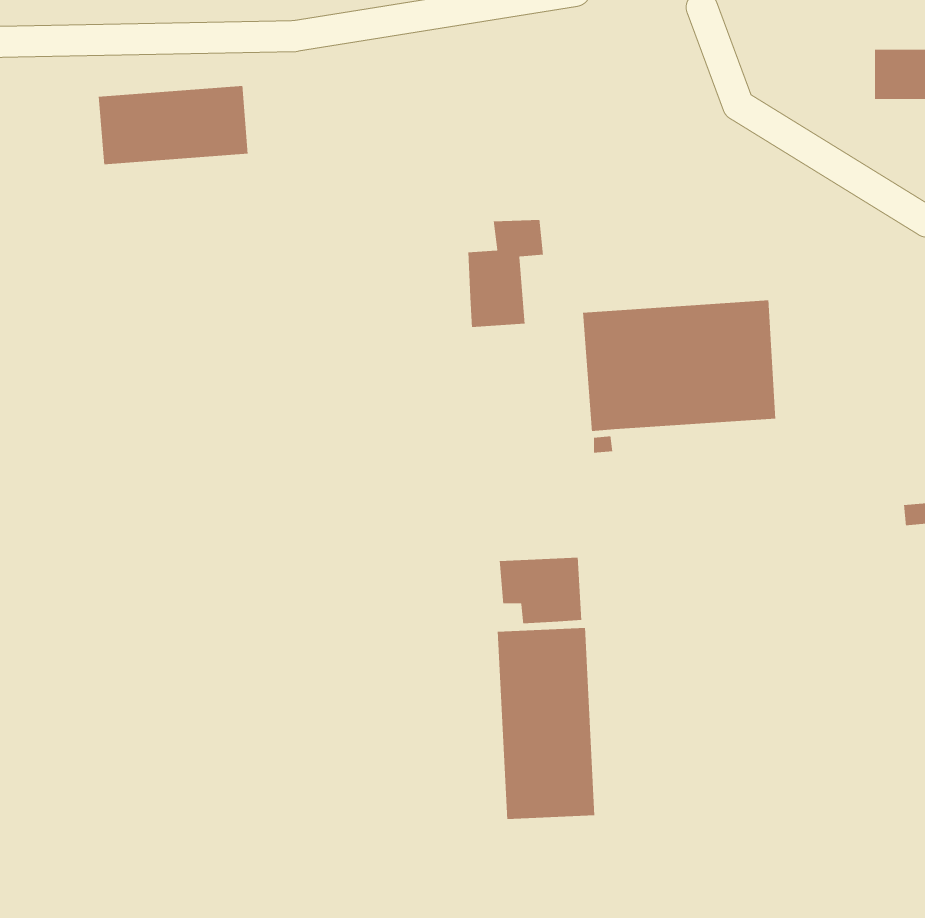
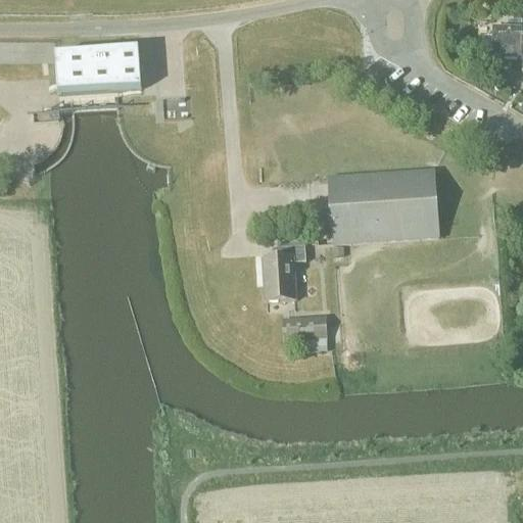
building: [468,219,544,328] -> [264,239,306,300]
building: [497,627,595,820] -> none

